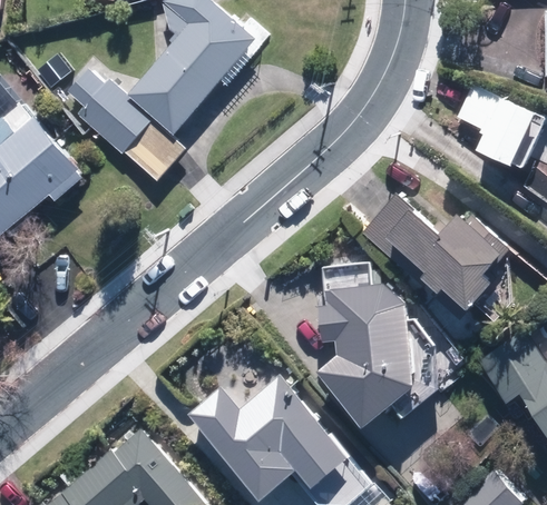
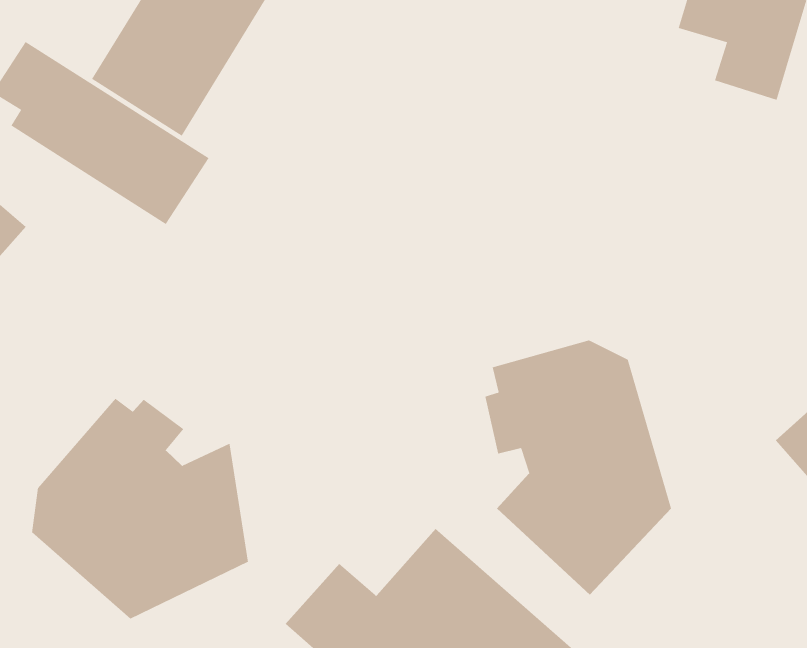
building: [364,195,498,309] -> none
building: none -> [32,398,249,620]

